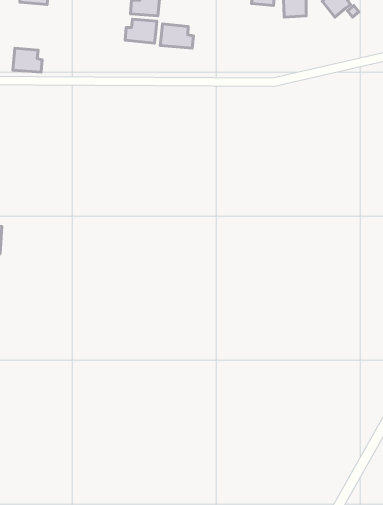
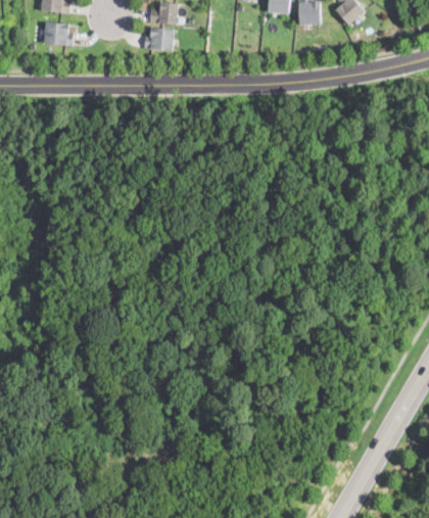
building: [160,24,193,48] -> none
building: [13,48,42,72] -> [44,22,73,46]

